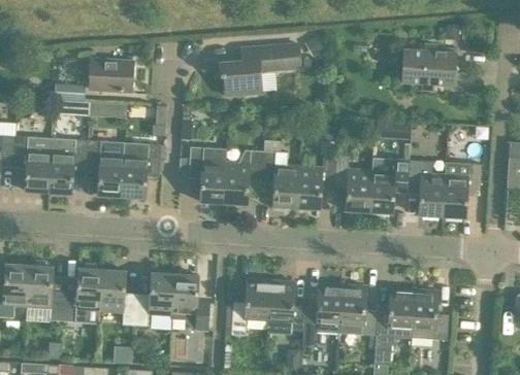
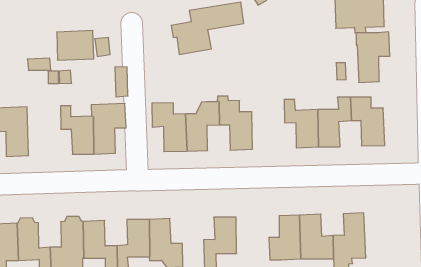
building: [48,138,89,194] -> none
building: [296,155,336,208] -> none
building: [443,162,481,217] -> [356,32,390,82]
building: [268,280,305,331] -> none
building: [411,288,448,340] -> none

